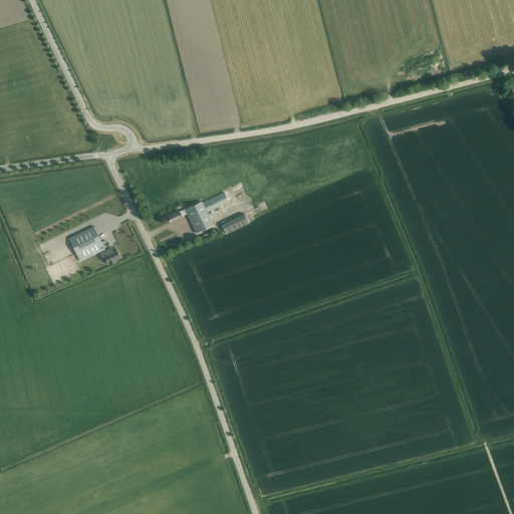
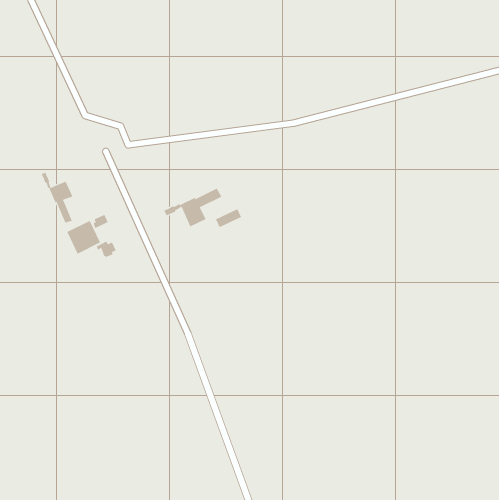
building: none -> [41,172,73,224]

